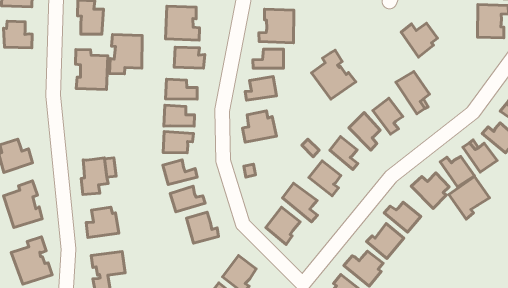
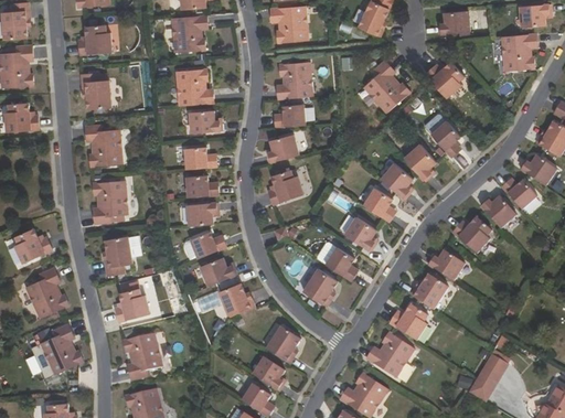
building: [110,35,142,74] -> [93,180,127,223]
building: [312,50,356,99] -> [362,58,409,110]
building: [449,176,489,219] -> none

